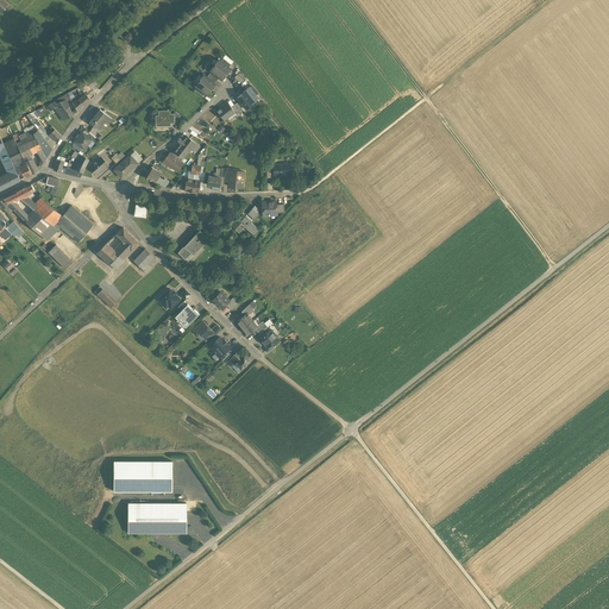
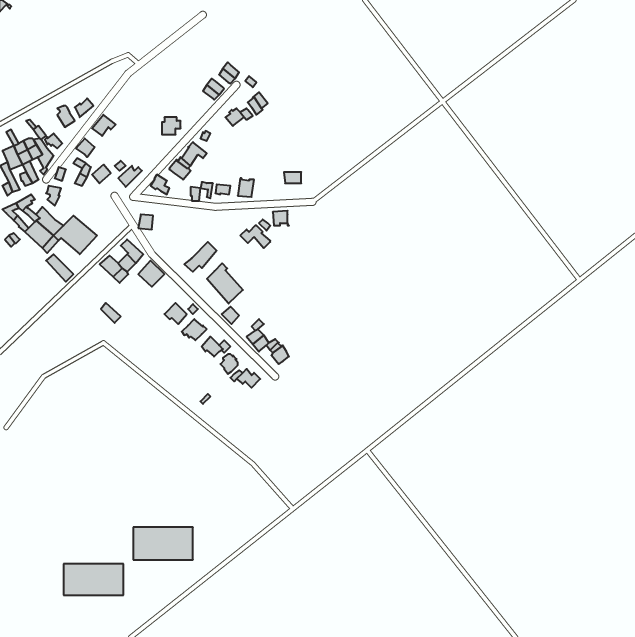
building: none -> [207,263,243,304]
building: [113,462,170,491] -> [64,564,123,595]

